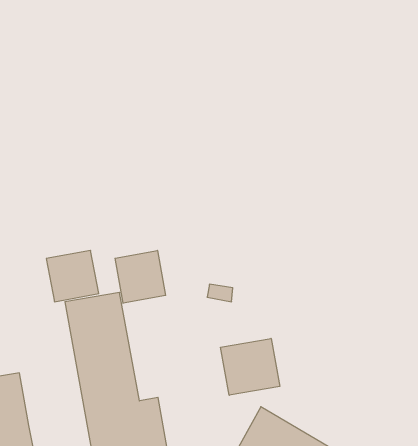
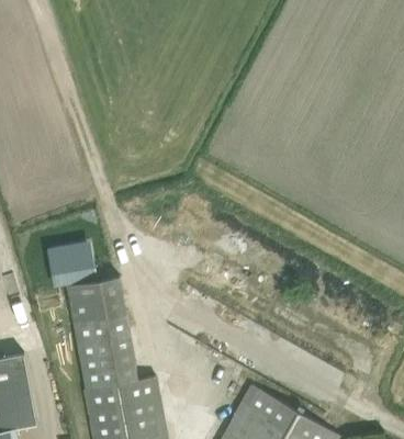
building: [115,250,166,303] -> none
building: [221,338,280,395] -> none

